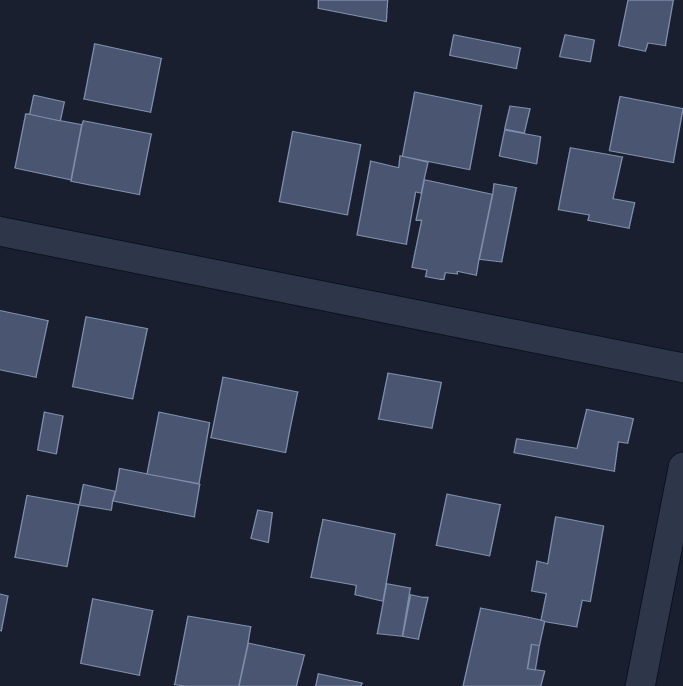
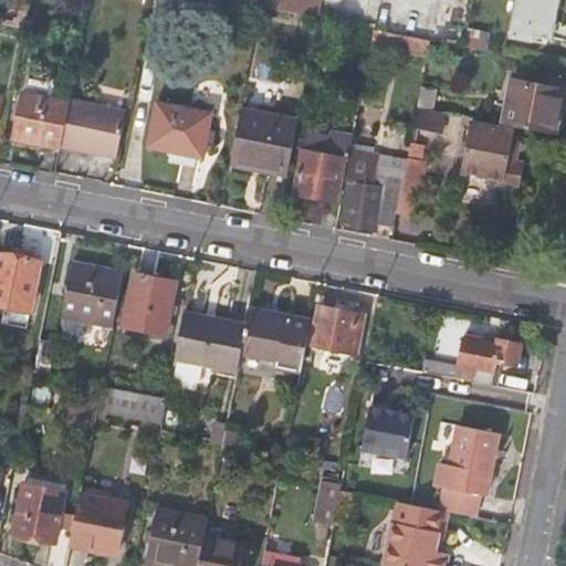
building: [84,44,162,112] -> [147,102,211,158]
building: [402,92,482,170] -> none
building: [147,412,210,483] -> [123,275,175,334]
building: [15,495,79,567] -> [11,484,64,543]
building: [311,519,395,601] -> [239,307,308,375]

